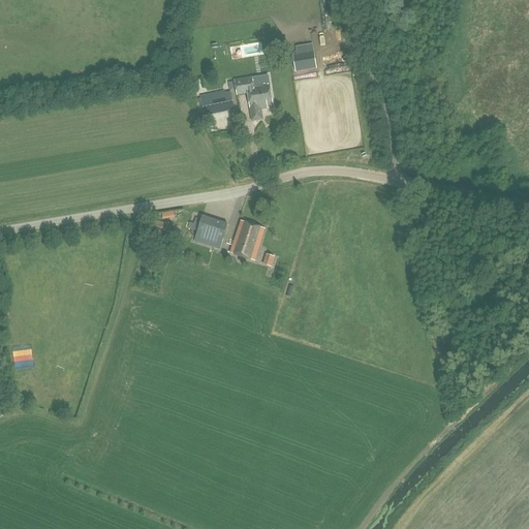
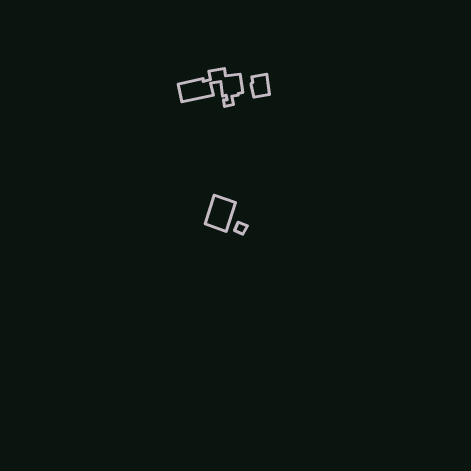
building: [294,43,315,69] -> [251,74,270,97]
building: [193,214,226,247] -> none

